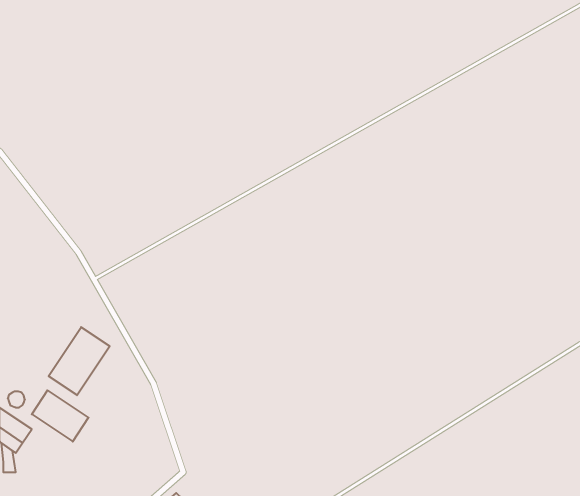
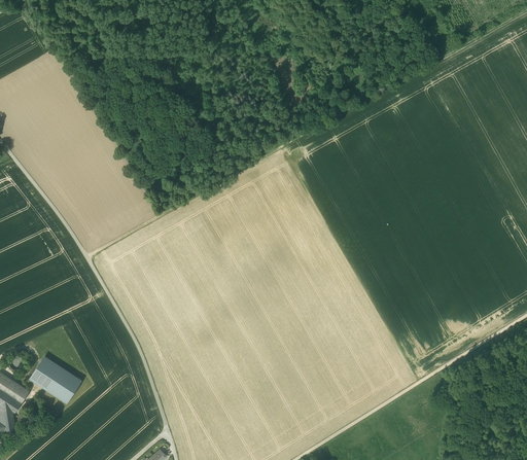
building: [49,327,110,395] -> none

